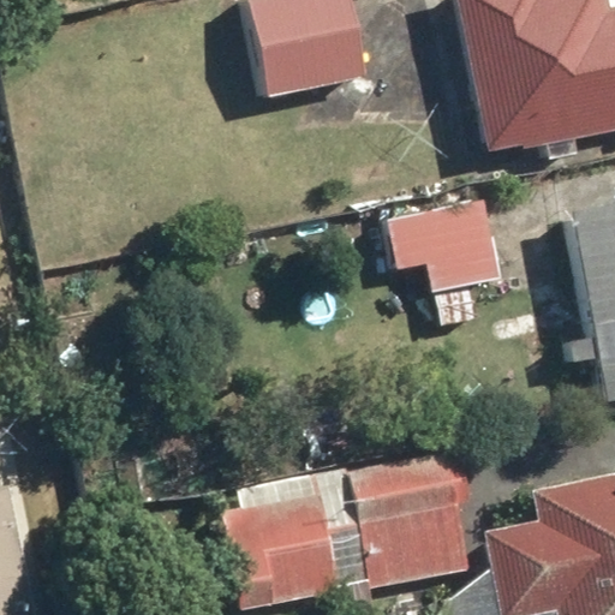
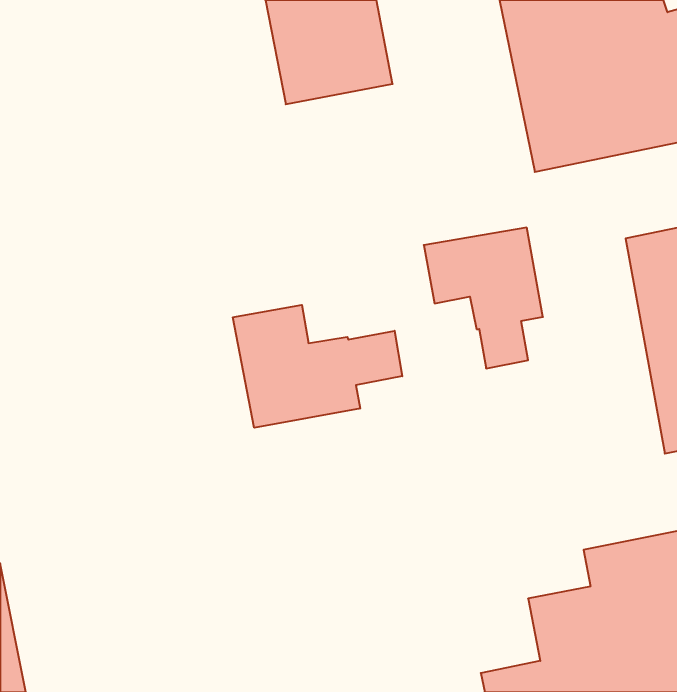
building: none -> [233,305,402,428]
building: [351,446,472,587] -> none
building: [225,491,341,608] -> none

